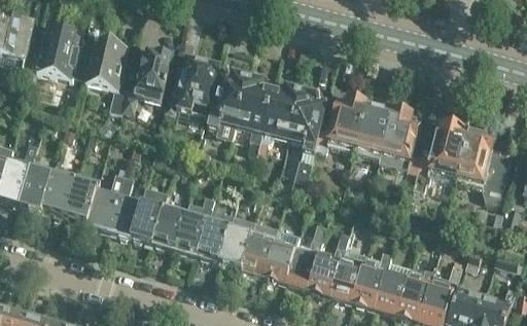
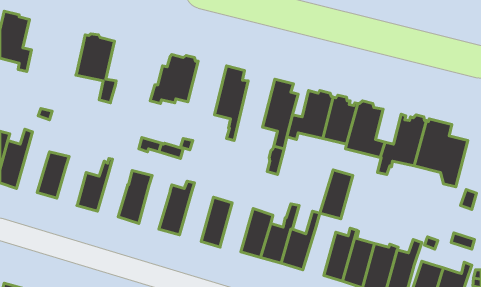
building: [35,28,92,80] -> none
building: [121,51,172,114] -> none
building: [206,69,248,131] -> none
building: [259,82,301,144] -> none
building: [19,160,55,213] -> none
building: [63,172,99,224] -> none
building: [107,175,140,239] -> none
building: [152,203,186,251] -> none
building: [197,210,234,264] -> none
building: [241,222,277,276] -> none
building: [331,248,367,301] -> [320,170,353,219]

